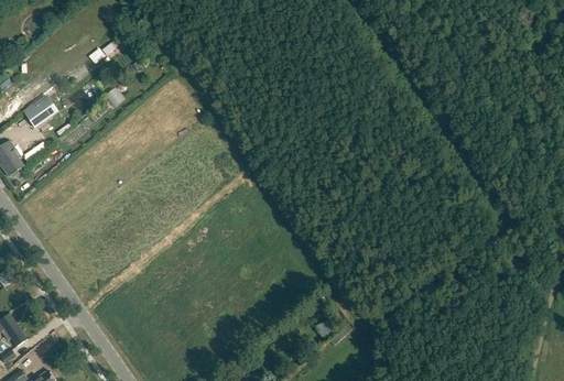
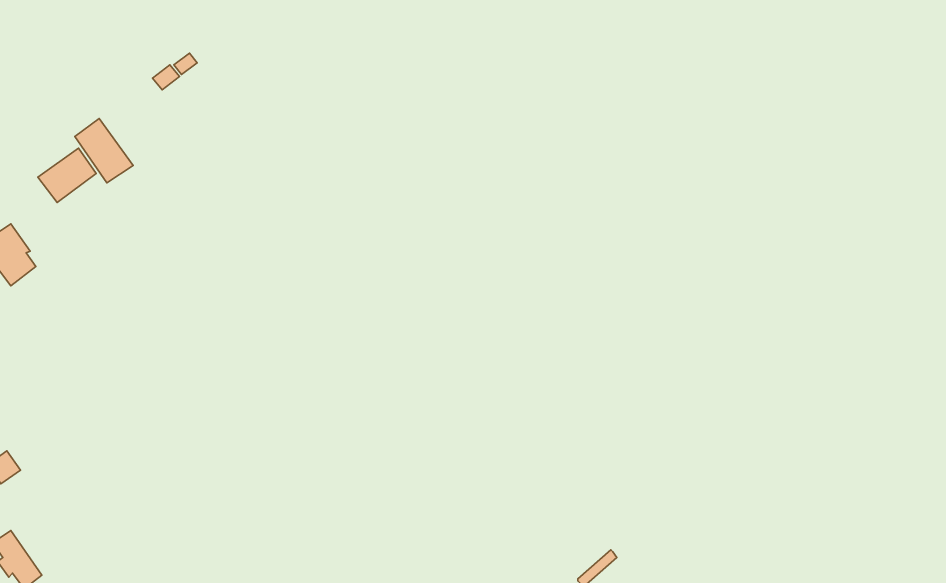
building: none -> [75,118,133,183]

